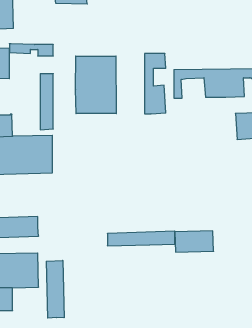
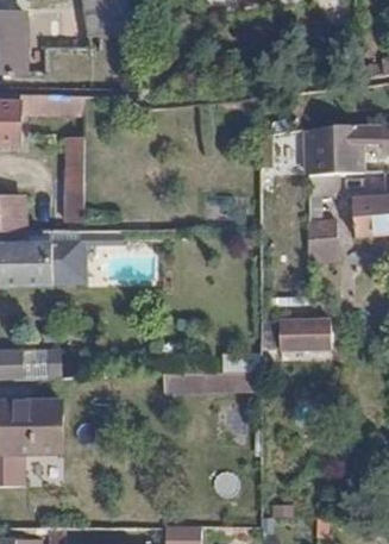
building: [145,54,166,114] -> [307,173,338,261]
building: [76,56,116,114] -> none
building: [175,231,214,252] -> [278,318,335,349]
building: [46,260,64,318] -> none

